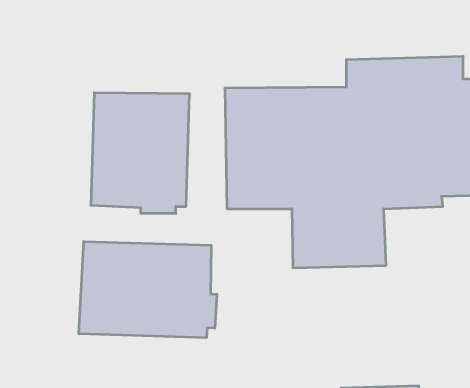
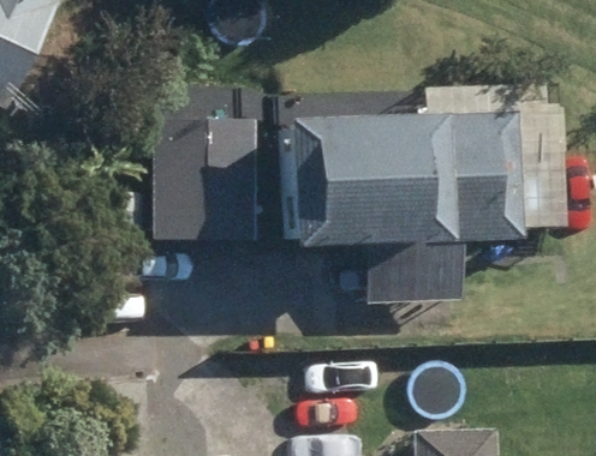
building: [79,241,217,338] -> none

